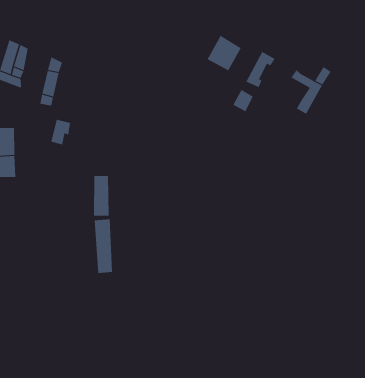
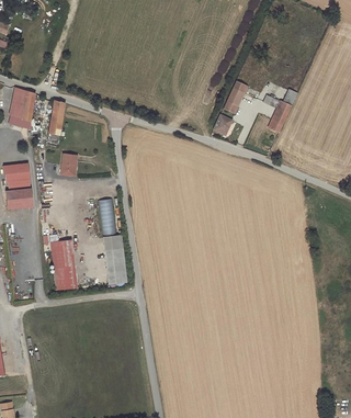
building: [207,35,241,71] -> none
building: none -> [50,239,79,291]

